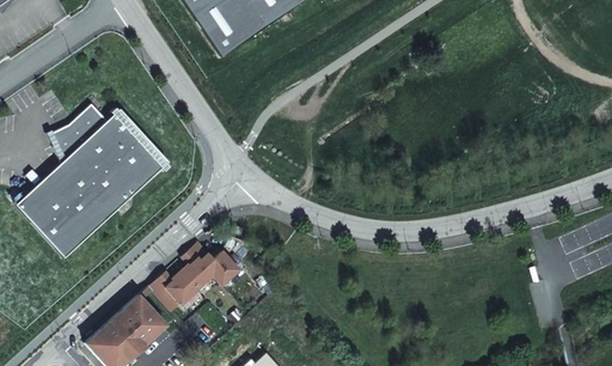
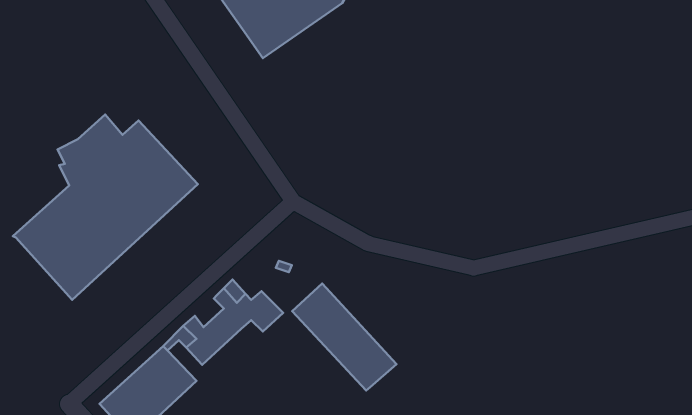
building: none -> [292,283,396,390]

